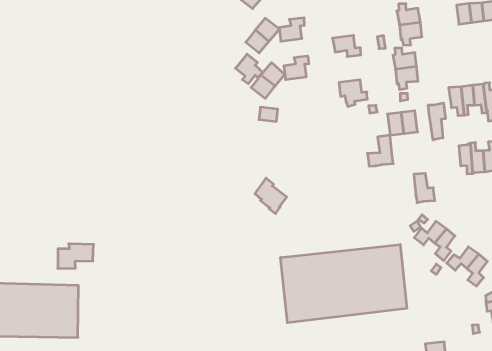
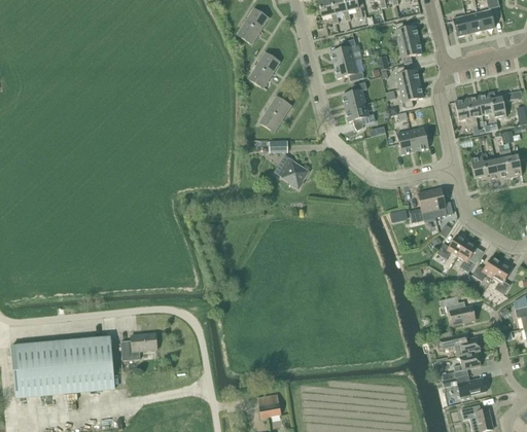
building: [279,18,304,41] -> [330,38,355,64]
building: [235,54,263,84] -> none
building: [284,56,309,80] -> [342,81,366,107]
building: [428,103,445,140] -> none
building: [367,135,393,166] -> [409,189,435,222]
building: [255,178,287,214] -> [276,154,308,188]
building: [58,244,94,268] -> [120,332,156,360]
building: [281,244,407,323] -> none
building: none -> [438,295,473,324]
building: none -> [440,332,480,355]

